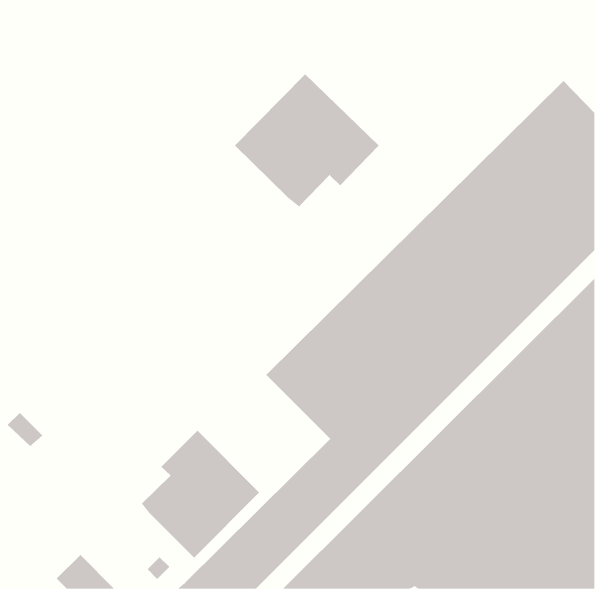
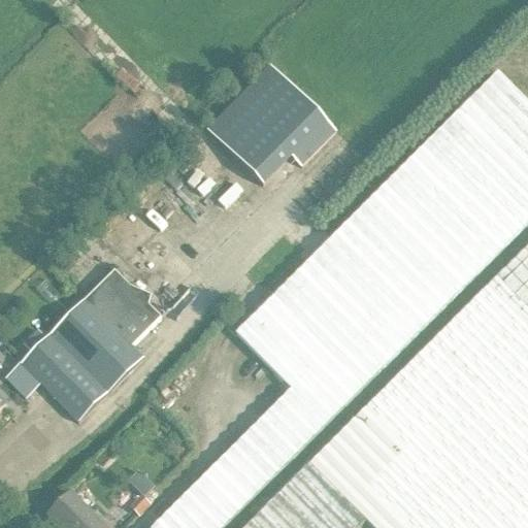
building: none -> [22,269,161,421]
building: [141,430,260,559] -> none

